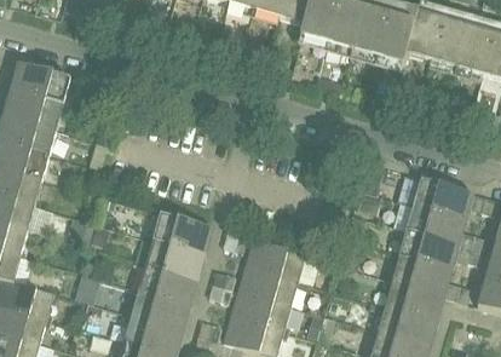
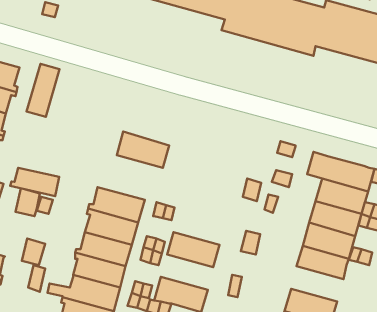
building: none -> [27,64,60,117]
building: none -> [10,168,59,196]
building: [244,237,304,278] -> [117,131,169,168]
building: [230,289,289,329] -> none
building: [378,303,437,342] -> none

